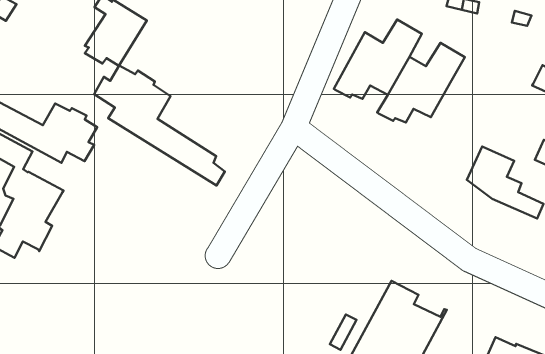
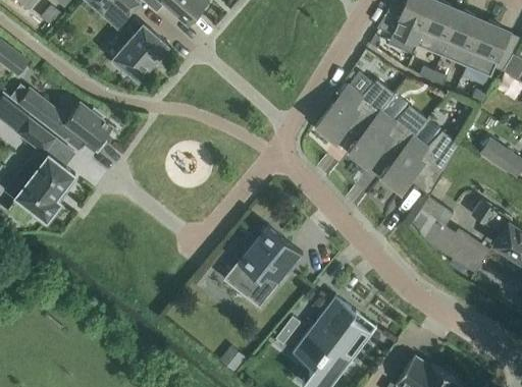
building: [94,65,225,185] -> none
building: none -> [379,130,460,196]
building: none -> [231,225,303,309]

